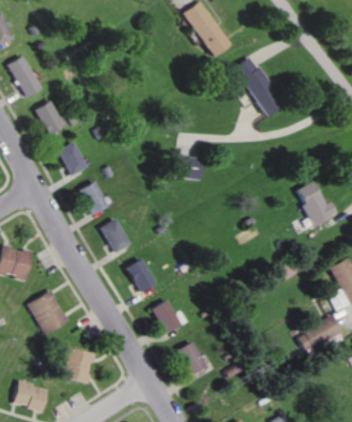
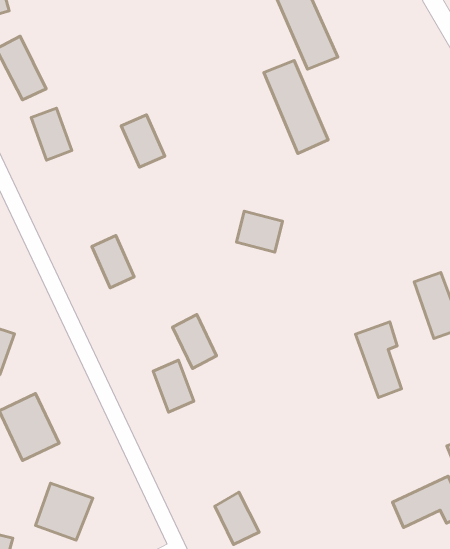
building: [235,56,282,117] -> [264,61,328,153]
building: [56,141,87,176] -> [121,115,165,167]
building: [103,218,134,254] -> [173,314,217,369]
building: none -> [355,322,402,398]
building: [154,300,185,334] -> none

